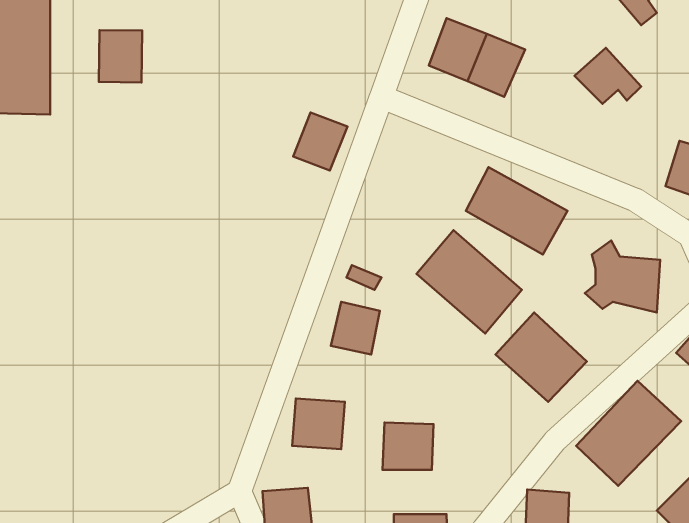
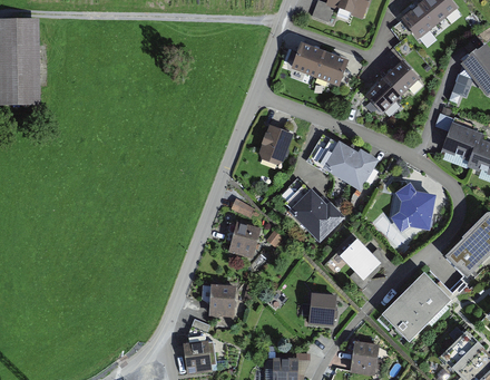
building: [99,30,142,82] -> none
building: none -> [366,79,400,113]
building: [293,113,347,170] -> [258,127,293,164]
building: [383,422,433,470] -> [305,294,337,324]

